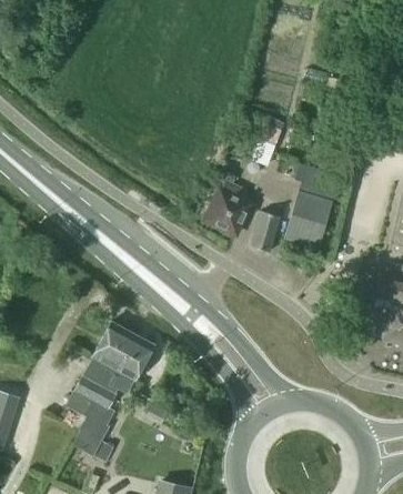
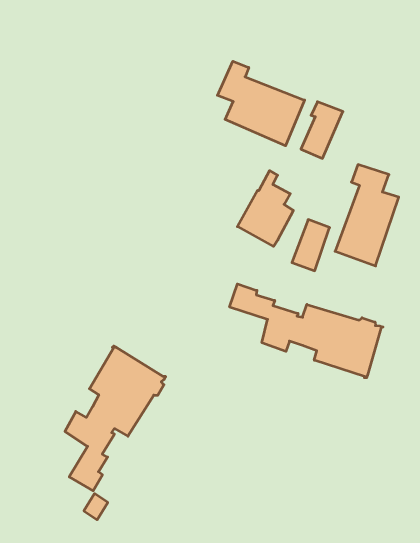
building: none -> [217,61,305,146]
building: none -> [230,284,383,378]

